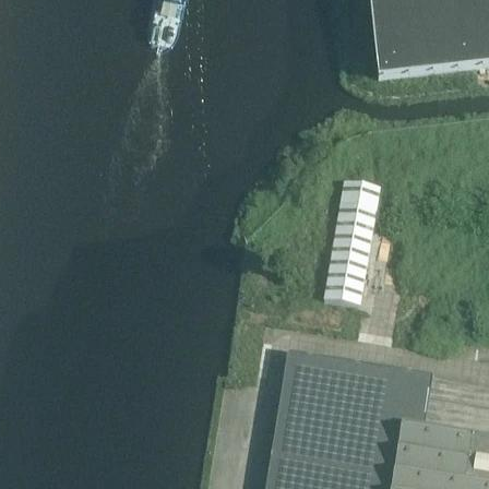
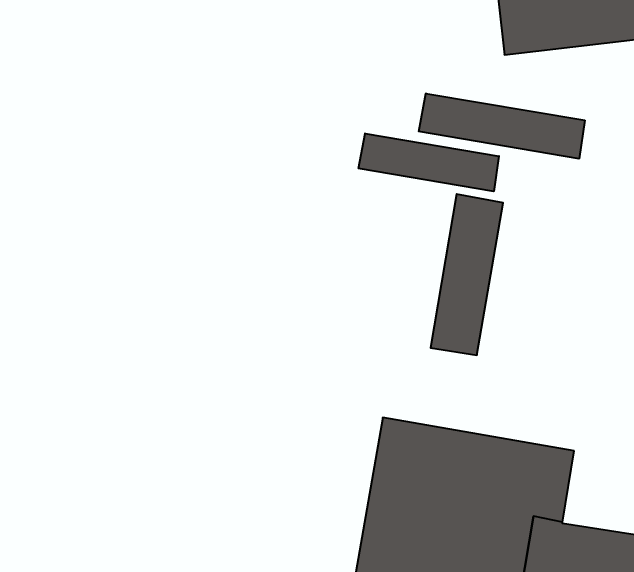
building: none -> [419,93,585,159]
building: none -> [359,133,499,191]

